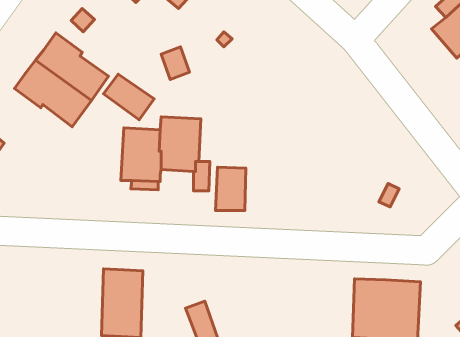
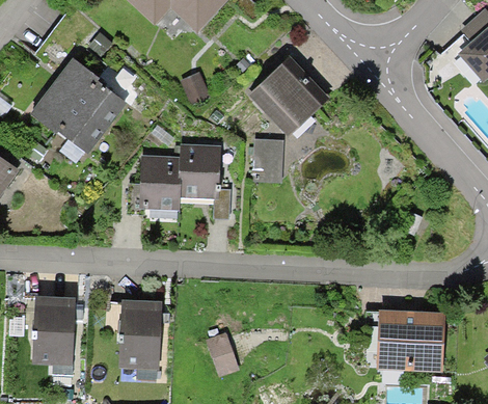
building: none -> [249,57,328,136]
building: [104,74,154,120] -> none
building: [215,167,246,211] -> [253,138,284,183]
building: none -> [33,296,75,365]

